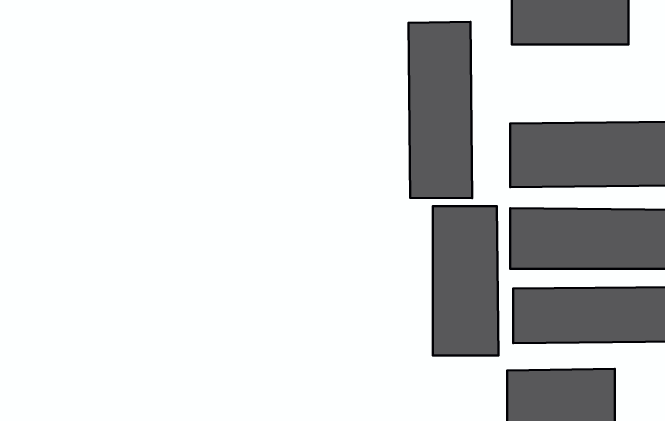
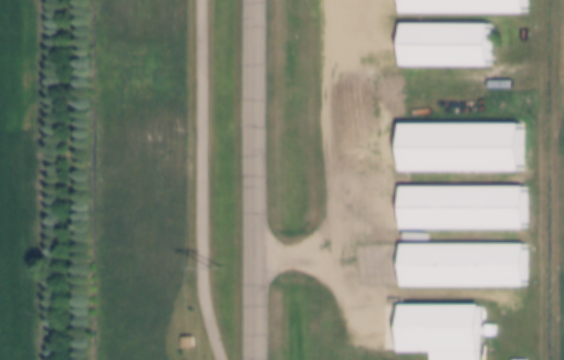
building: [408,22,472,198] -> none
building: [433,206,499,355] -> none

